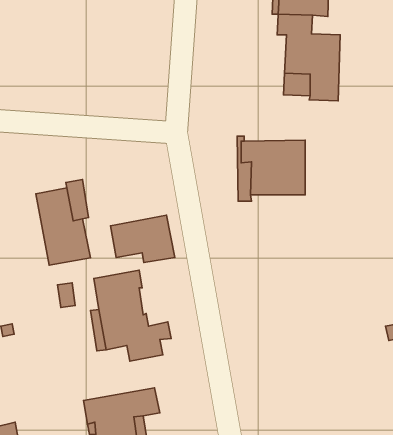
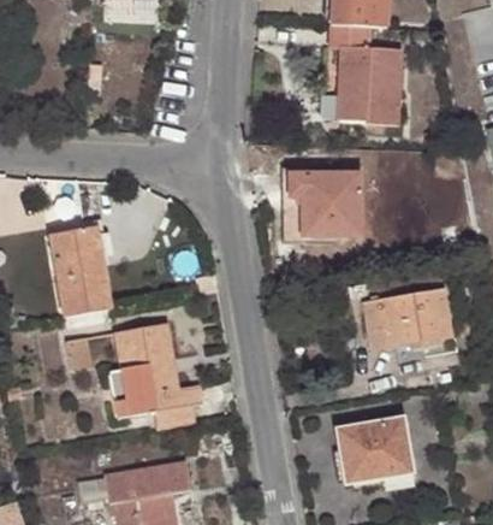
building: [111,215,175,262] -> none
building: none -> [363,287,452,348]
building: none -> [337,415,415,490]

